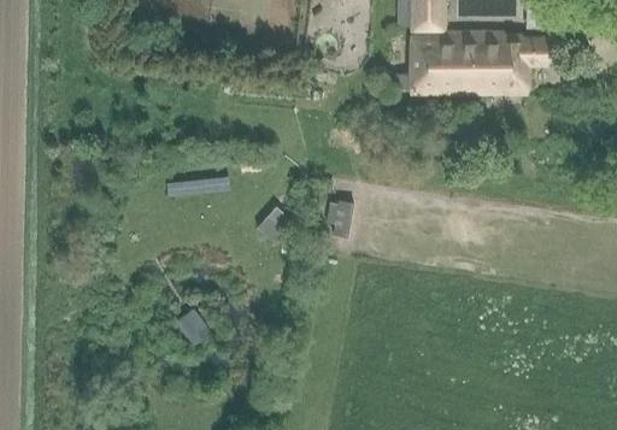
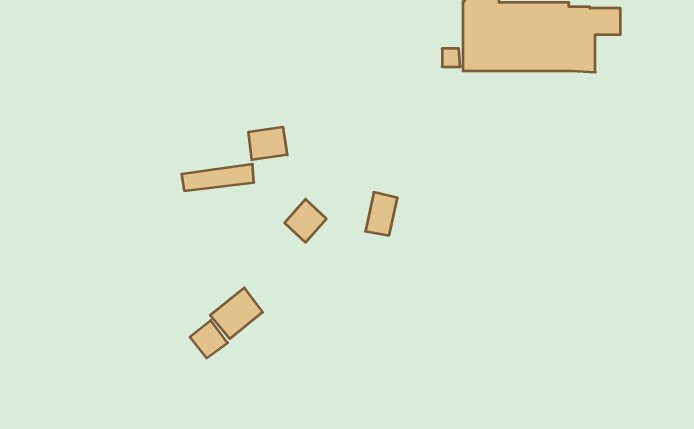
building: none -> [249,127,287,160]
building: none -> [210,288,263,339]

